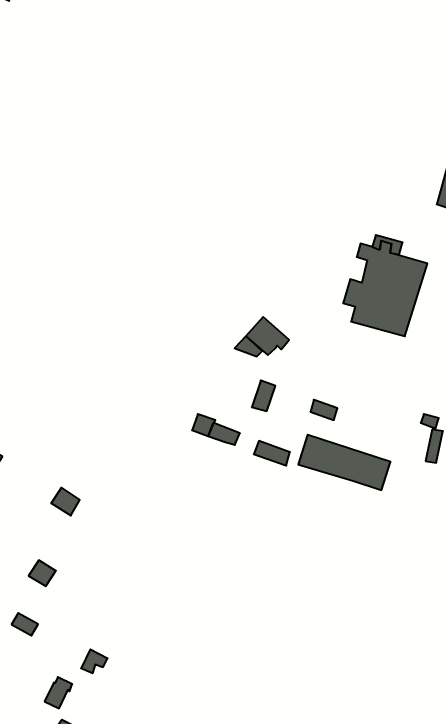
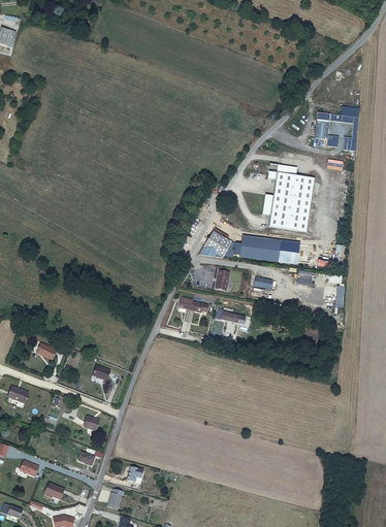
building: [298,435,391,490] -> [237,235,298,264]

